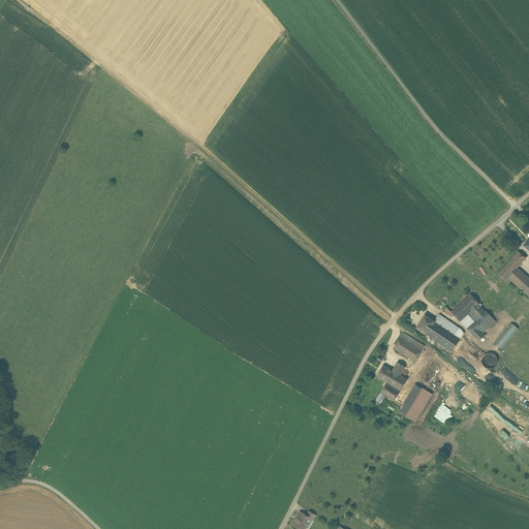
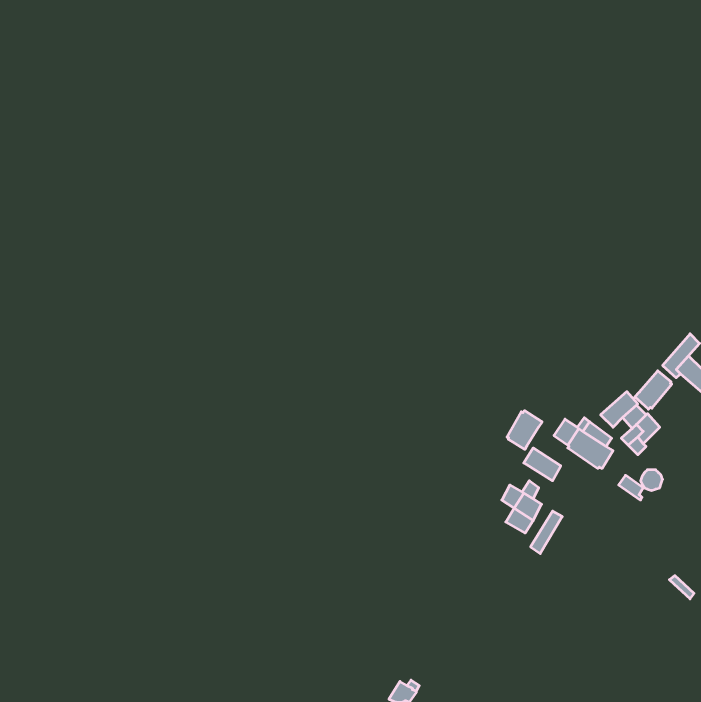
building: none -> [635,371,672,409]
building: none -> [507,411,542,449]

